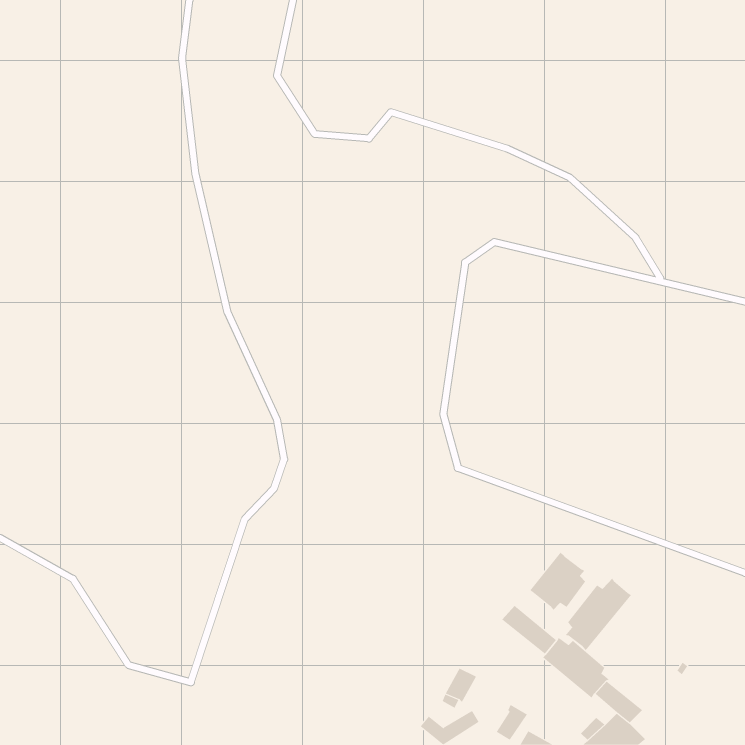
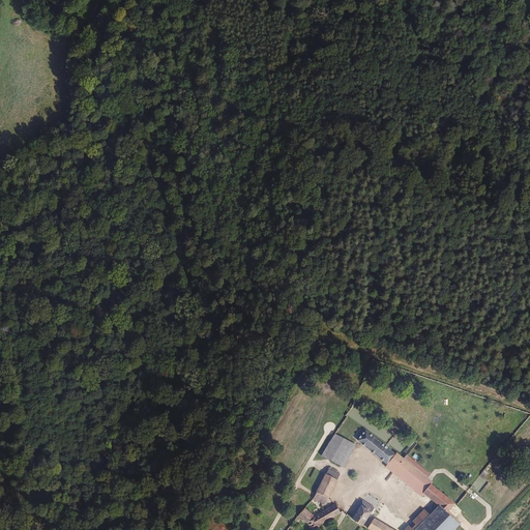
building: [529,552,586,610] -> none
building: [565,578,632,651] -> none
building: none -> [321,434,354,468]

